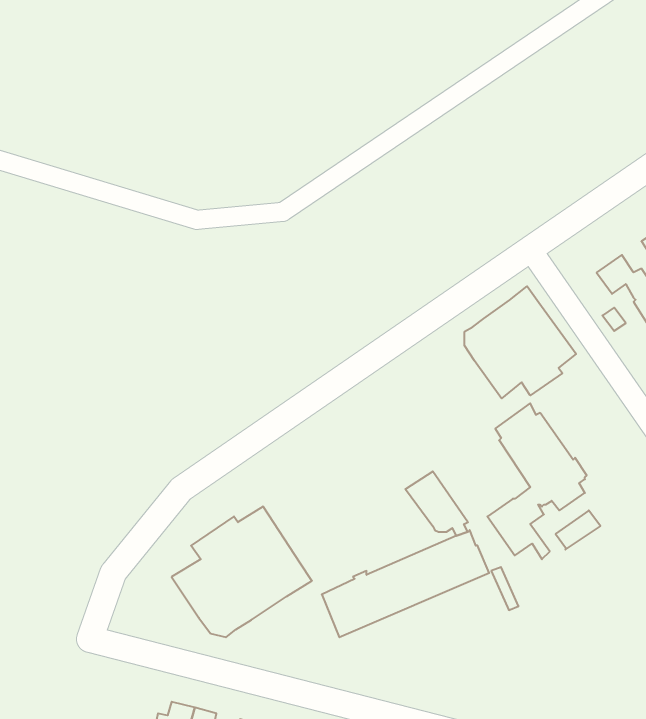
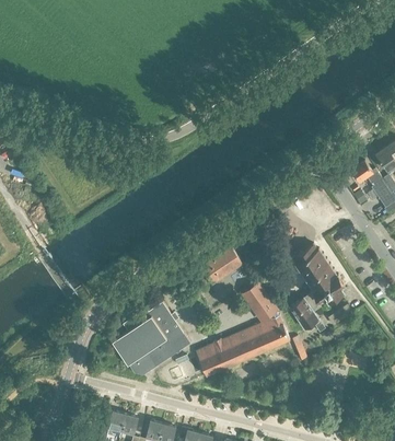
building: [464,286,576,398] -> none
building: none -> [201,247,242,283]

